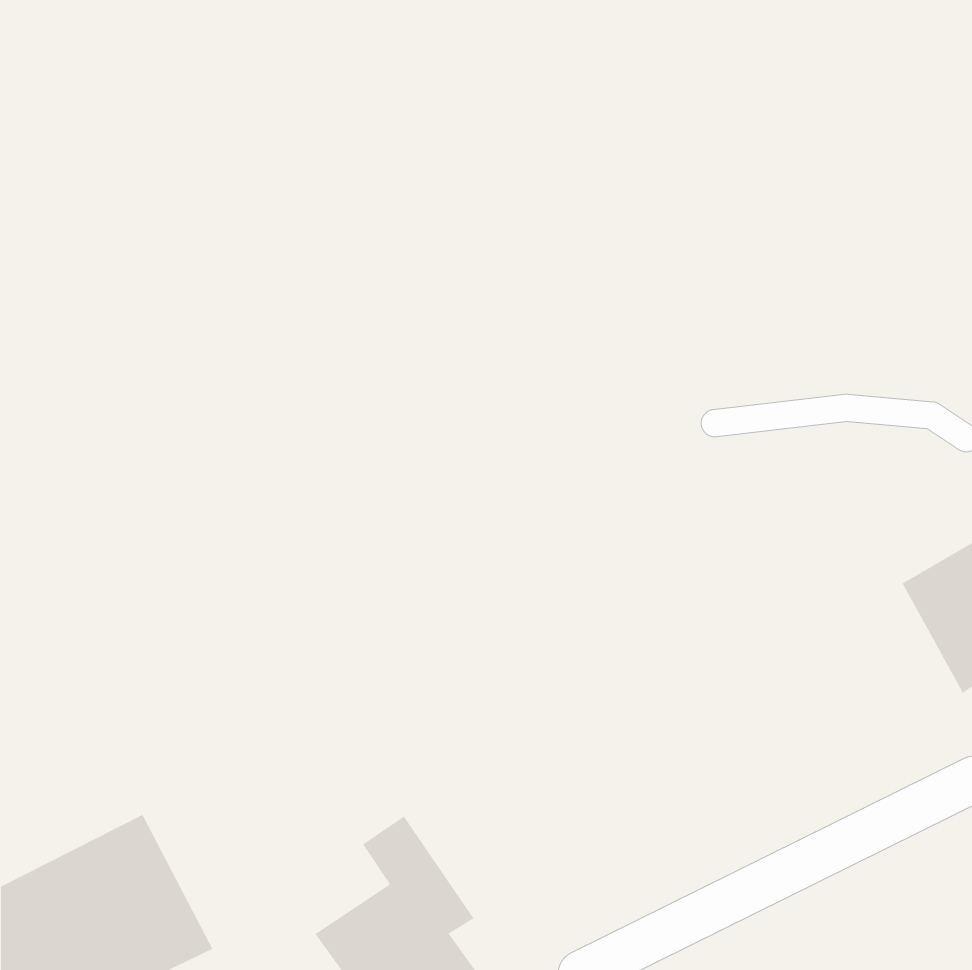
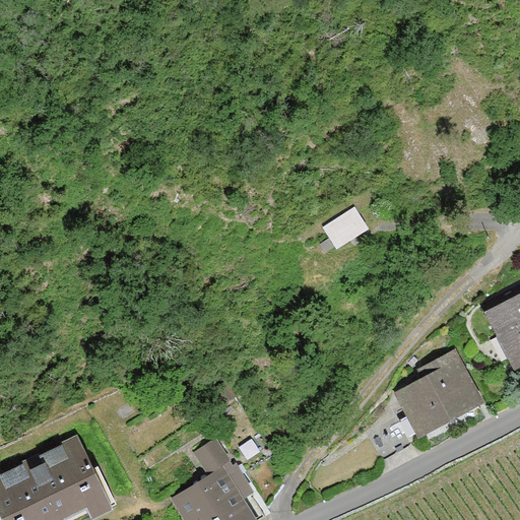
building: none -> [325,210,368,250]
building: none -> [392,354,482,438]

